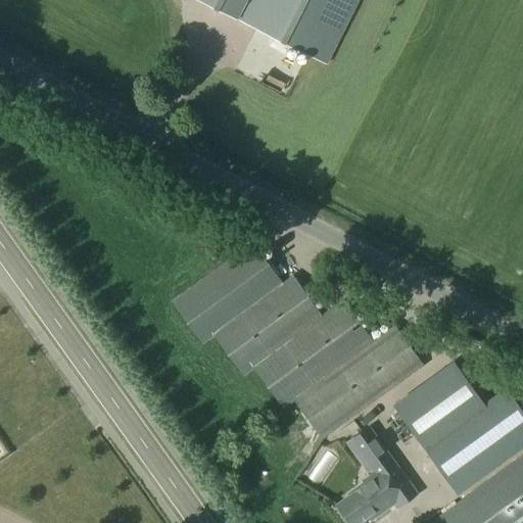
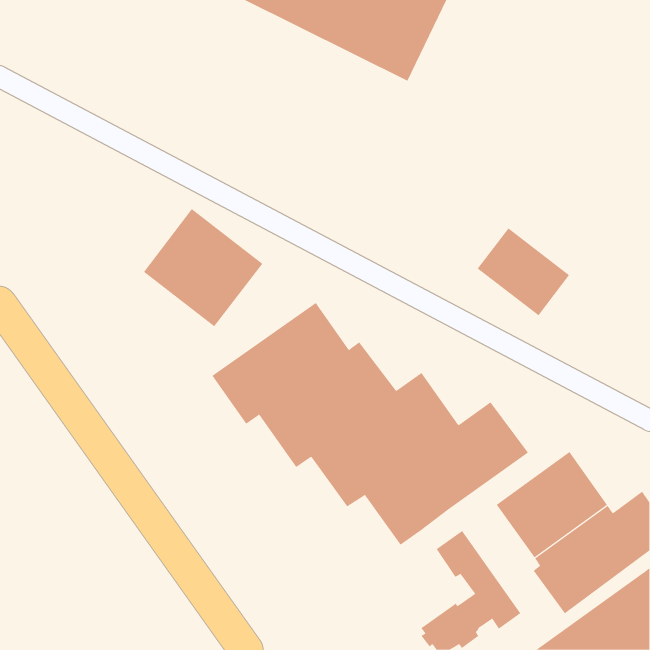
building: none -> [143,208,263,327]
building: none -> [477,227,570,316]

